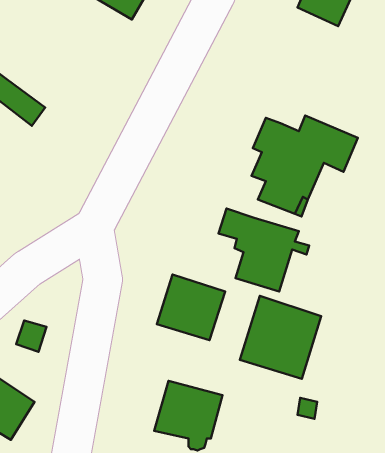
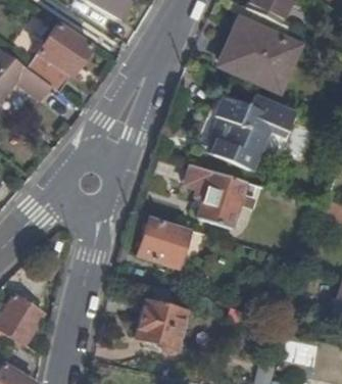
building: none -> [222,20,297,89]
building: none -> [28,25,90,92]
building: [240,296,321,379] -> none

